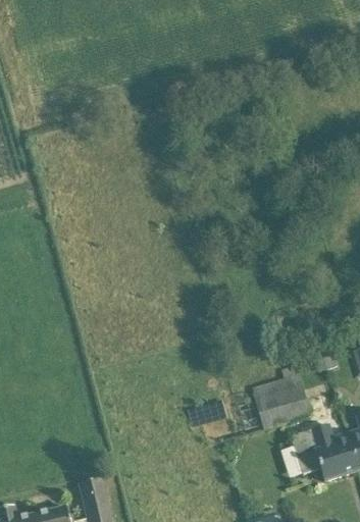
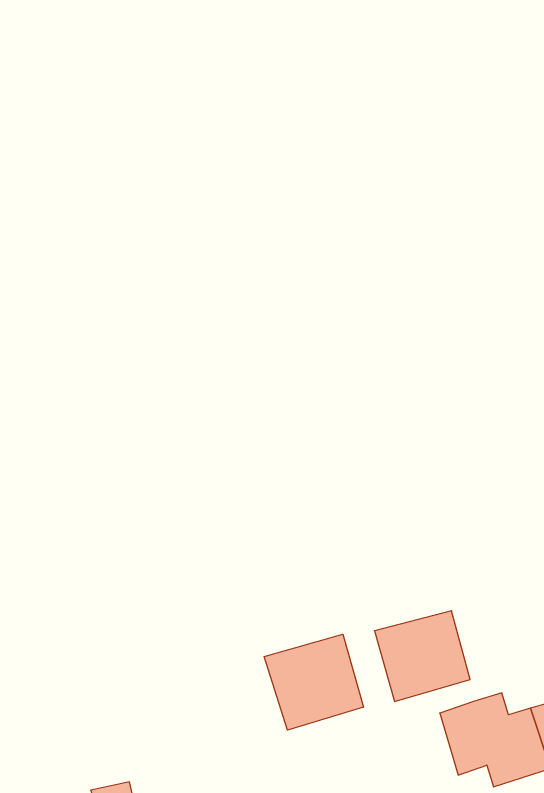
building: none -> [264,634,363,730]

